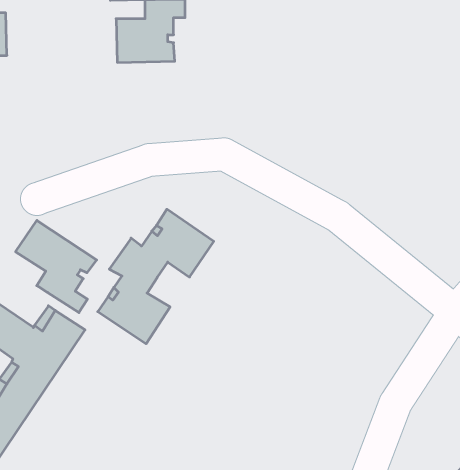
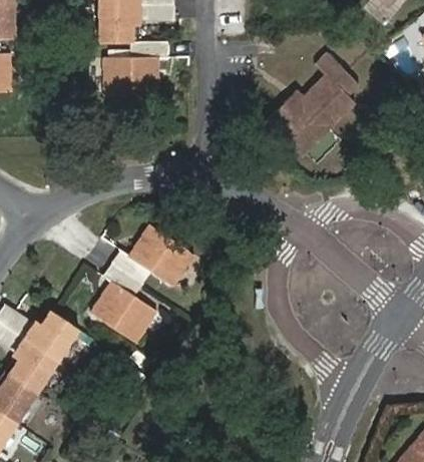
building: none -> [266,55,356,152]
building: [16,220,97,313] -> none

